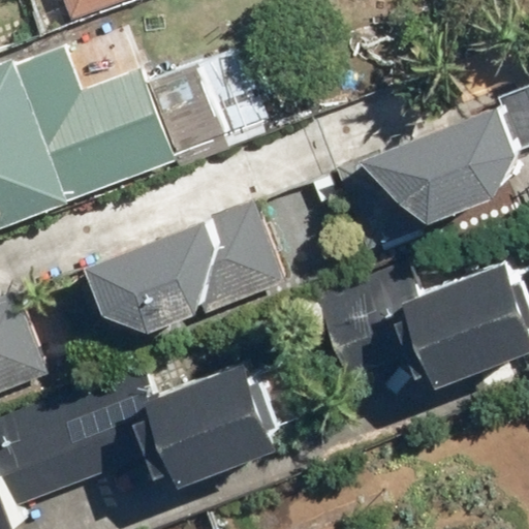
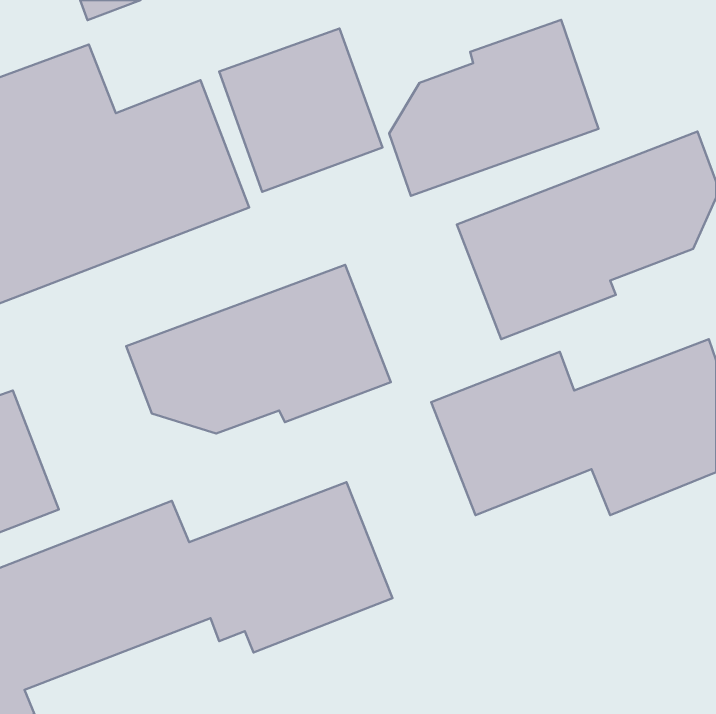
building: none -> [389,20,598,196]

